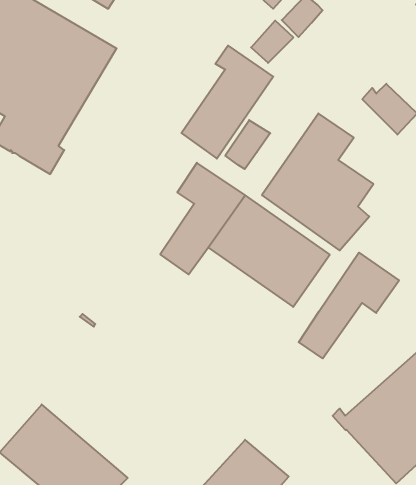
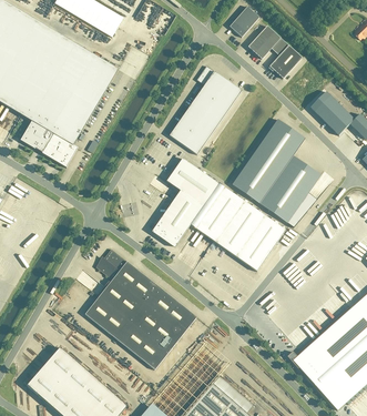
building: [251,21,293,63] -> [268,44,302,78]
building: [225,120,270,169] -> none
building: [299,253,399,358] -> none
building: none -> [84,248,195,369]

